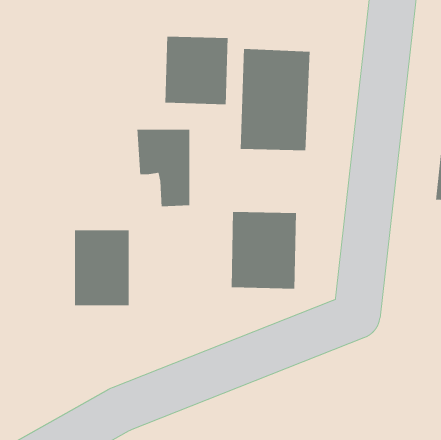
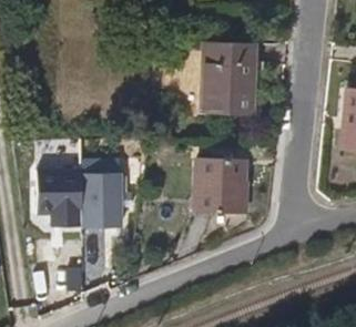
building: [164,36,229,105] -> none
building: [136,129,190,207] -> [41,172,80,228]

